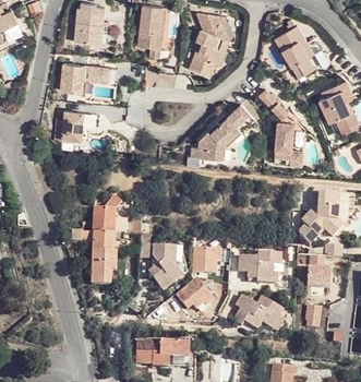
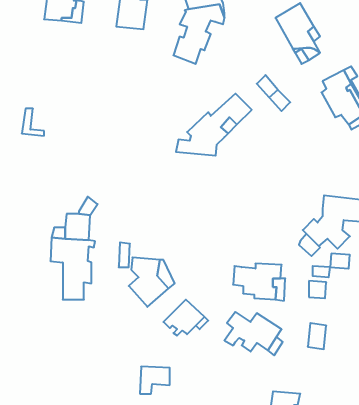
building: [61,60,110,91] -> none
building: [62,108,84,136] -> none
building: [274,121,303,167] -> none
building: [192,248,217,274] -> none
building: [134,342,159,367] -> none

